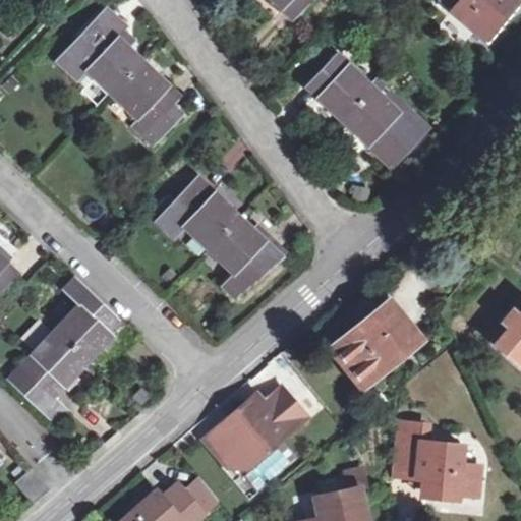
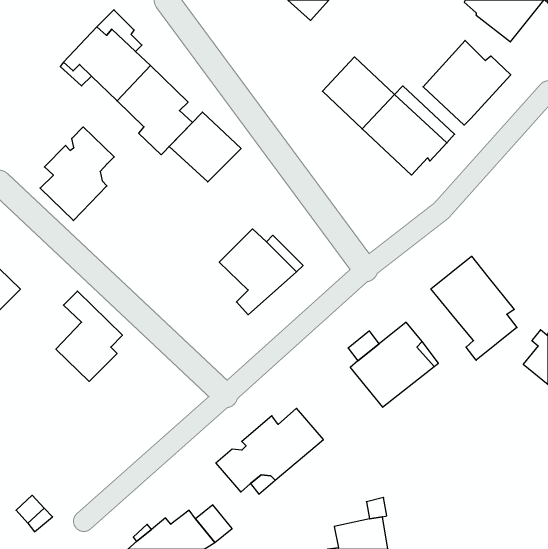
building: none -> [423,40,511,125]
building: none -> [40,127,114,221]
building: [171,182,239,248] -> [169,112,241,182]
building: none -> [431,256,517,360]
building: [6,331,84,421] -> none
building: [392,422,482,496] -> none

